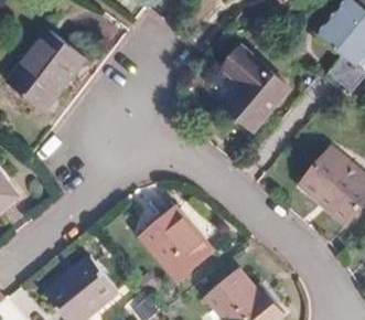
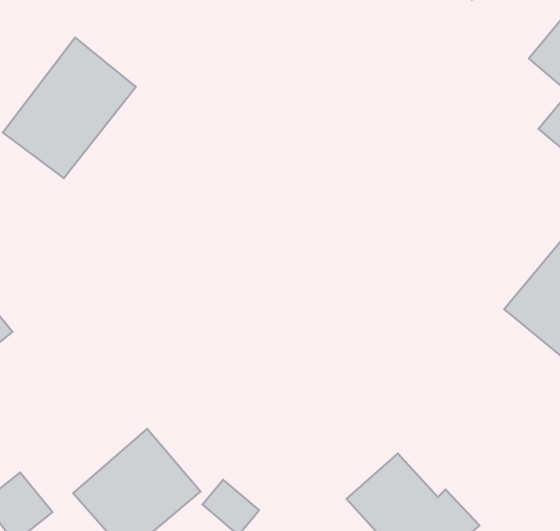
building: [222,43,289,128] -> none
building: [140,205,210,276] -> none

